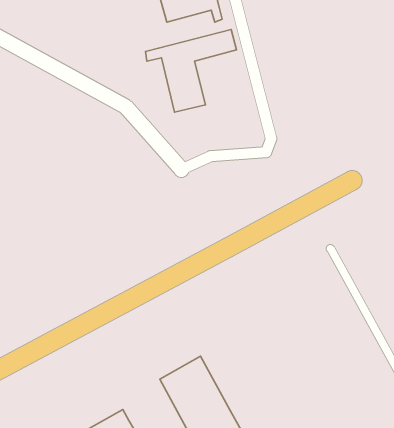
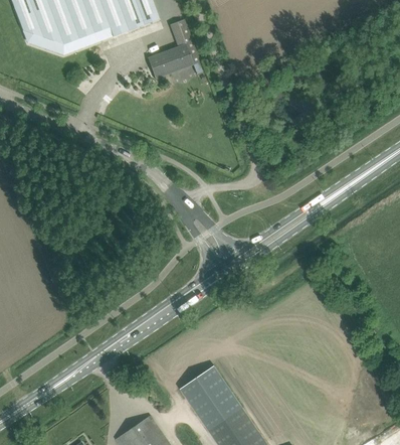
building: [146,30,236,112] -> none

